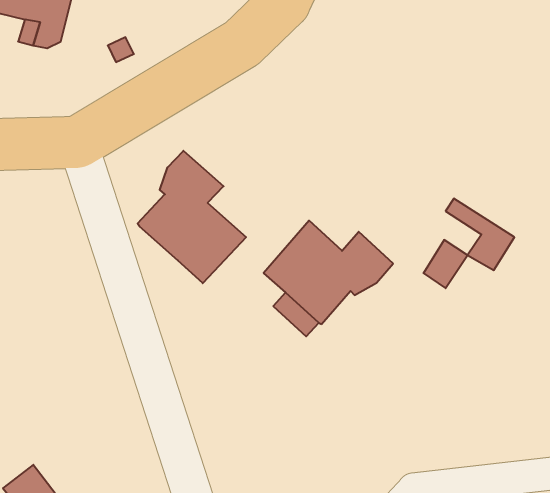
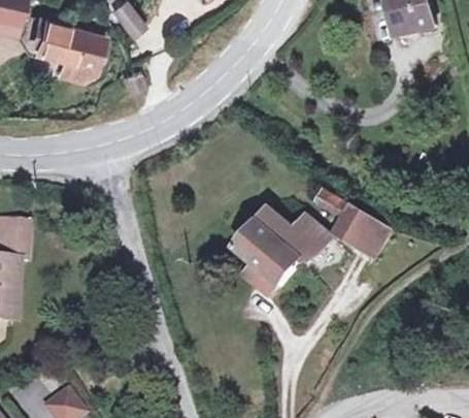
building: [138,151,246,283] -> none
building: [446,199,514,270] -> [322,193,373,247]

